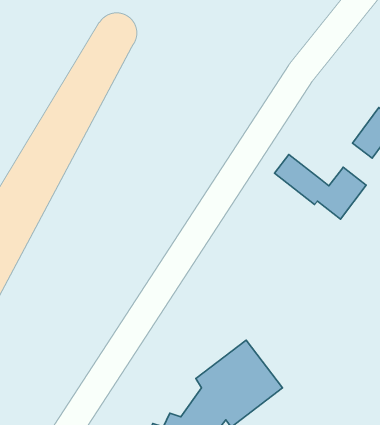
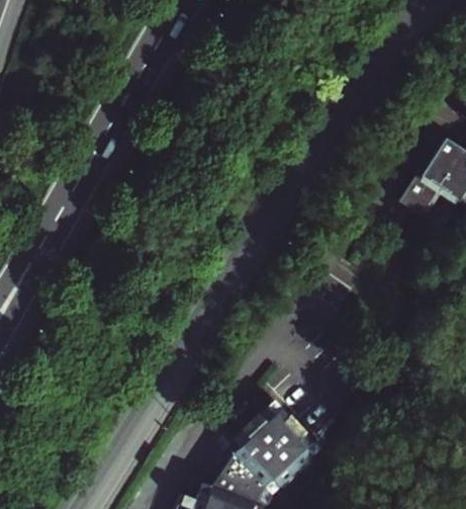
building: [275,154,366,219] -> none

